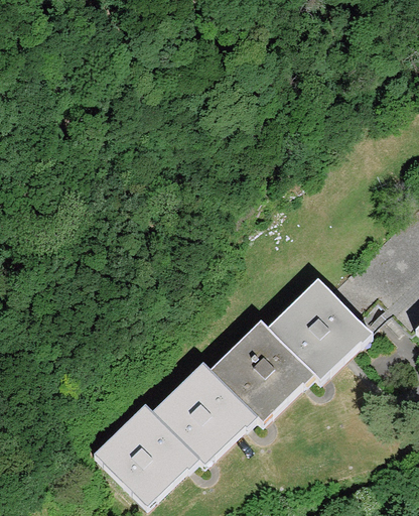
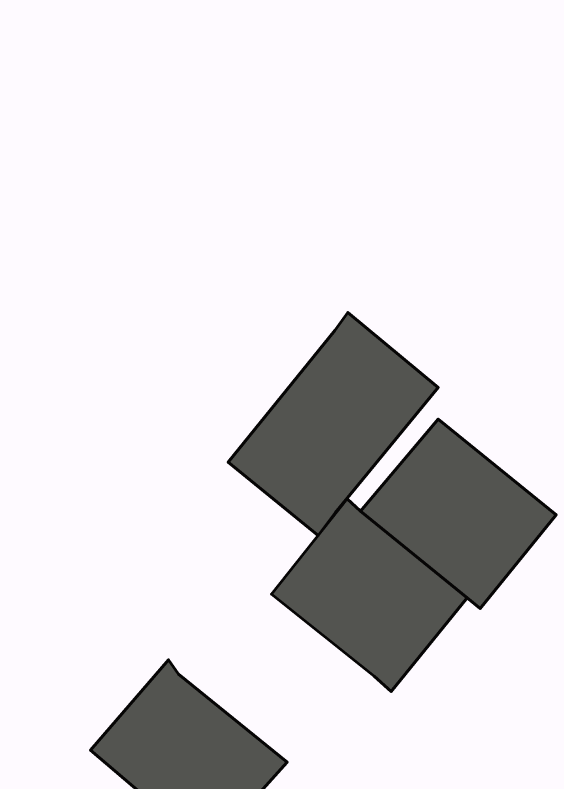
building: none -> [228,312,438,535]
building: [148,361,263,475] -> none

